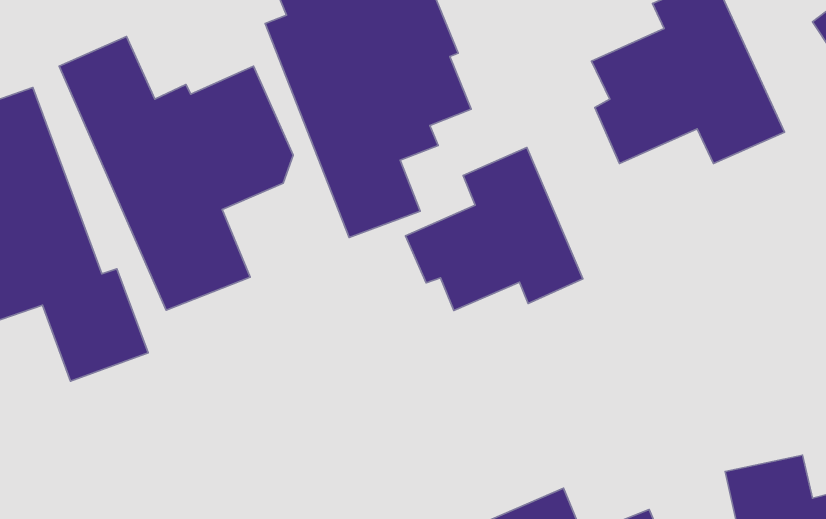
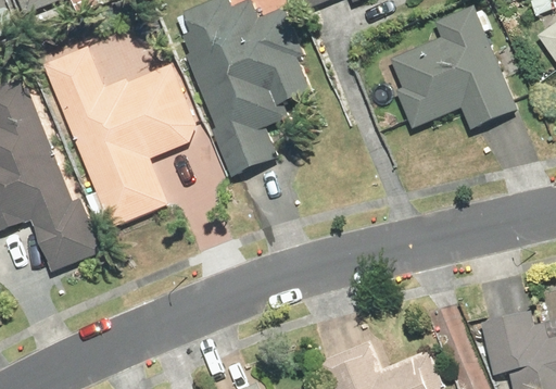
building: [405,147,583,311] -> none

